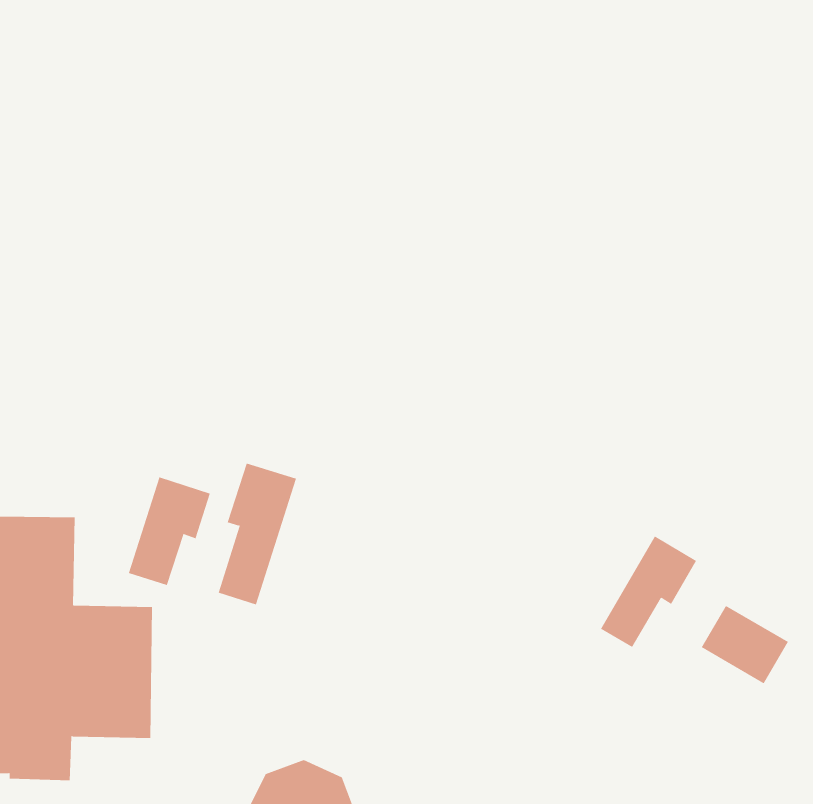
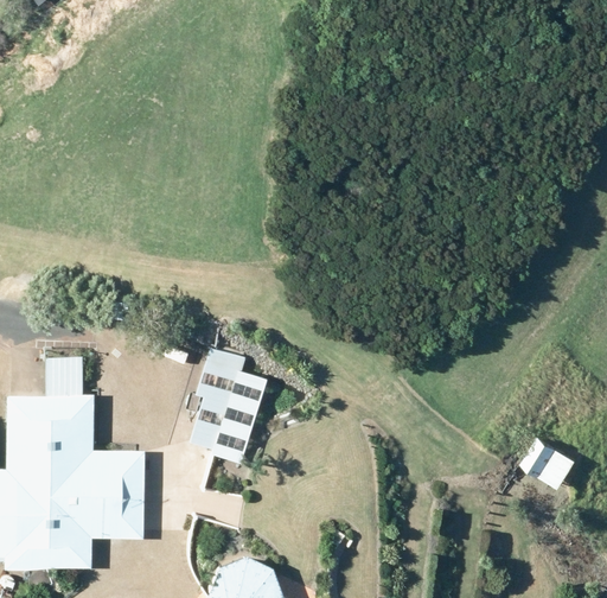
building: [128,477,210,586] -> none
building: [600,536,697,648] -> none

